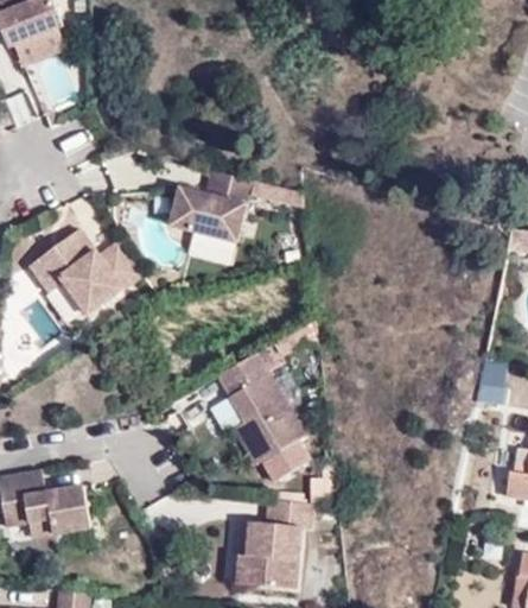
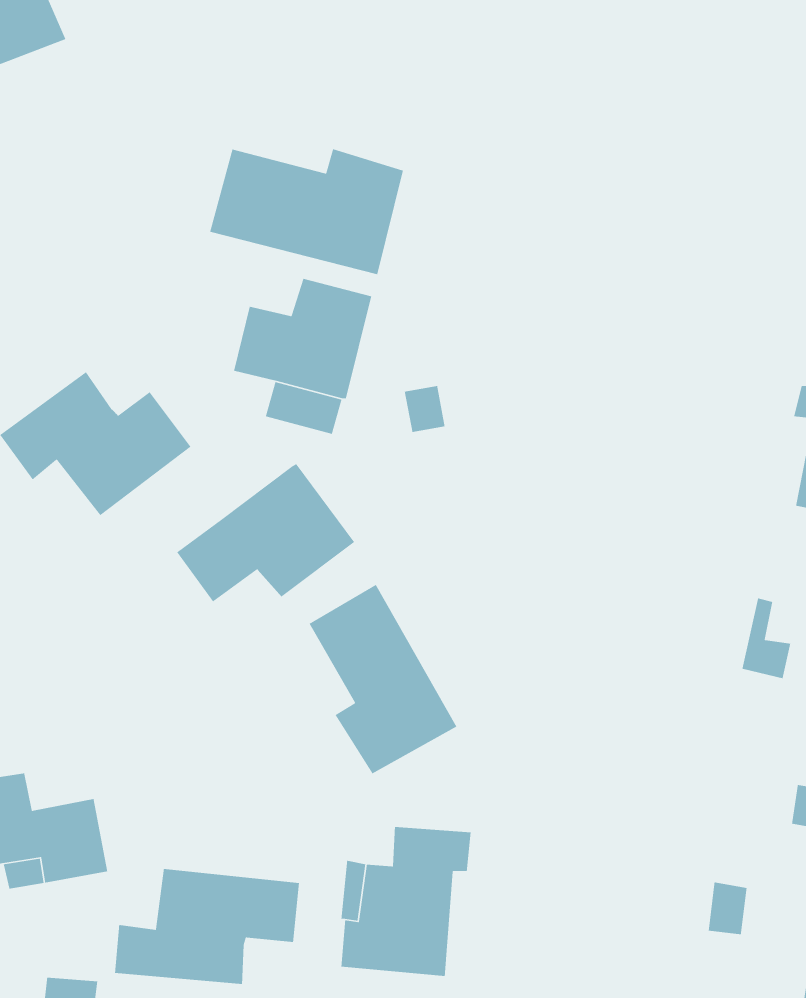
building: none -> [209,148,404,275]
building: none -> [176,463,355,603]
building: none -> [114,868,300,985]

